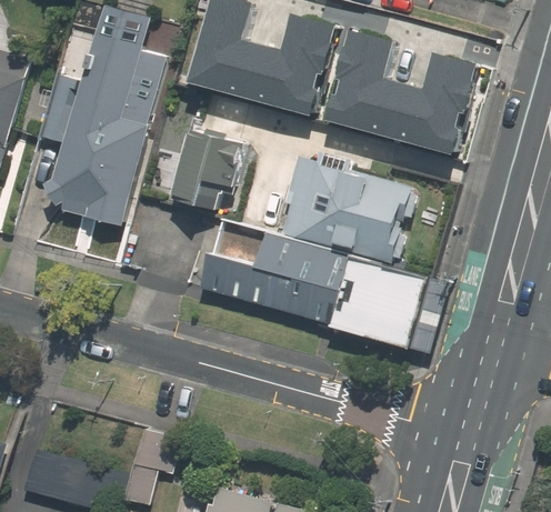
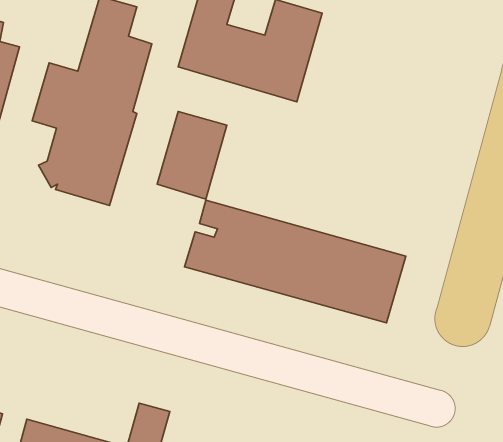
building: [333,29,484,154] -> none
building: [244,150,409,265] -> none

